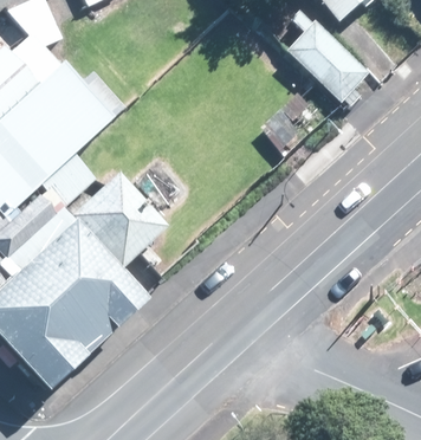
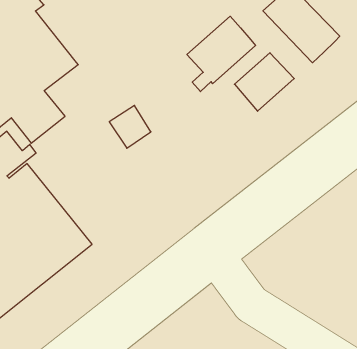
building: none -> [187,16,256,92]
building: [71,176,167,272] -> none

